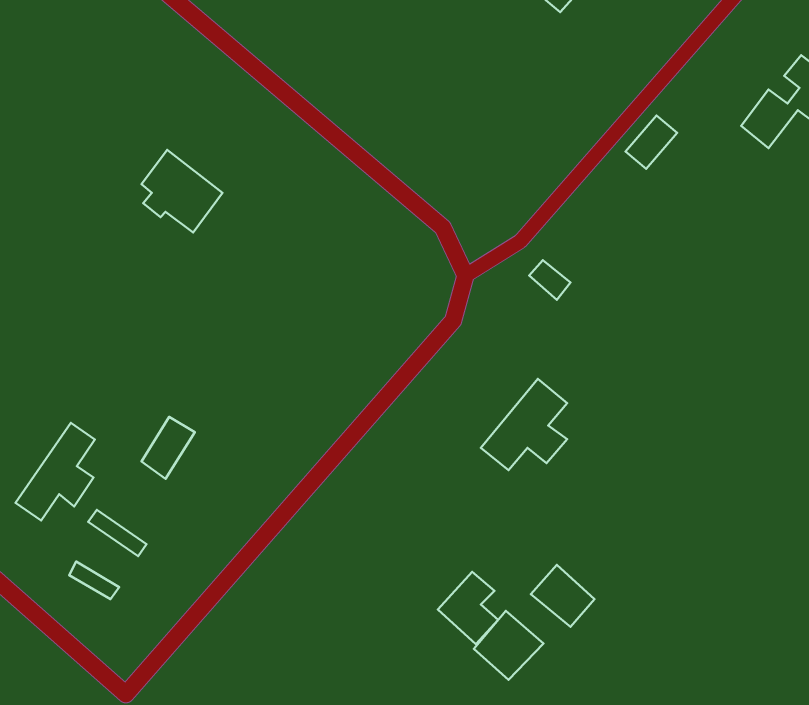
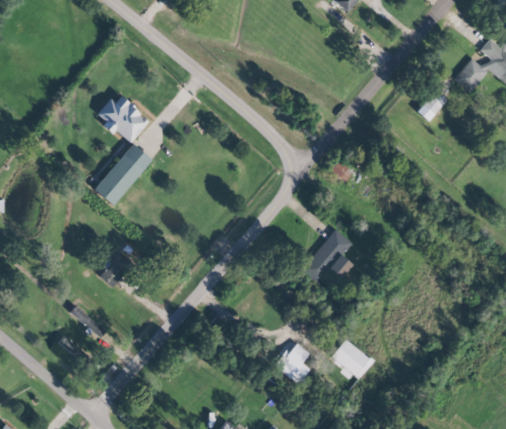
building: [626,115,677,169] -> [417,89,447,121]
building: none -> [94,143,152,205]
building: [16,423,95,521] -> none
building: [474,611,543,680] -> none

